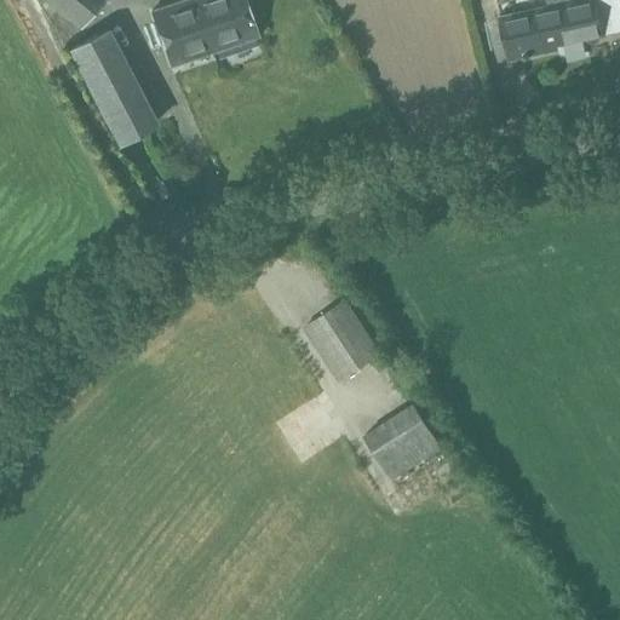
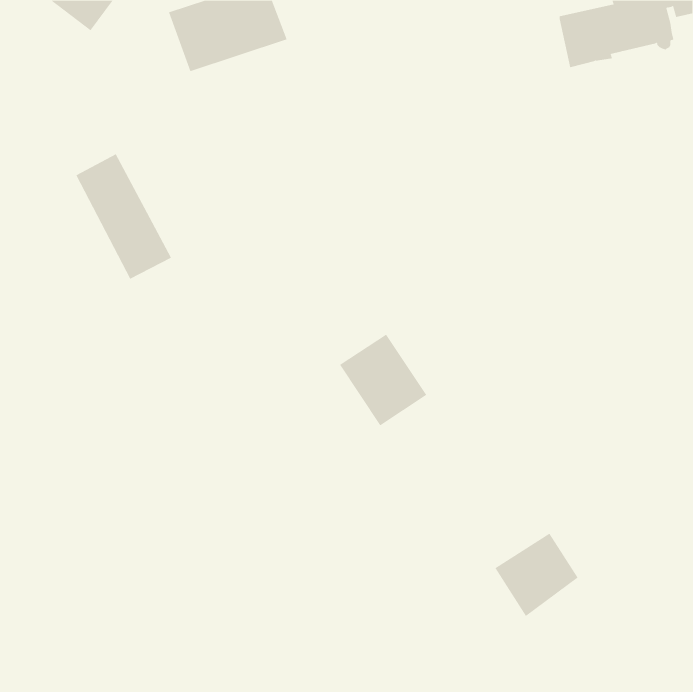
building: [70,30,156,143] -> [76,153,172,280]
building: [364,403,440,478] -> [494,533,578,617]

